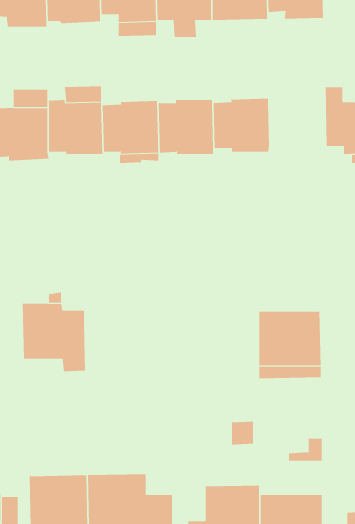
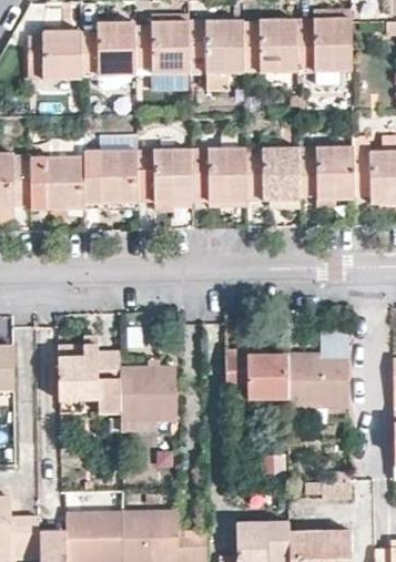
building: none -> [298,132,354,198]
building: none -> [225,349,288,399]
building: none -> [120,367,175,431]

